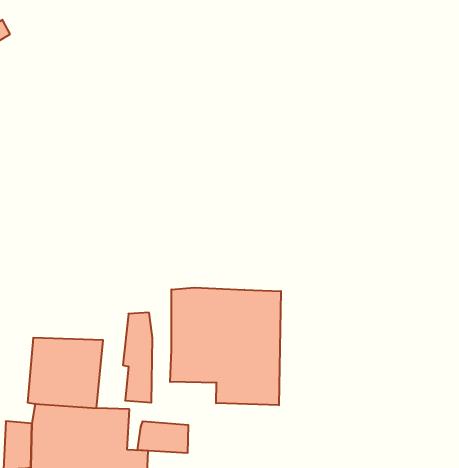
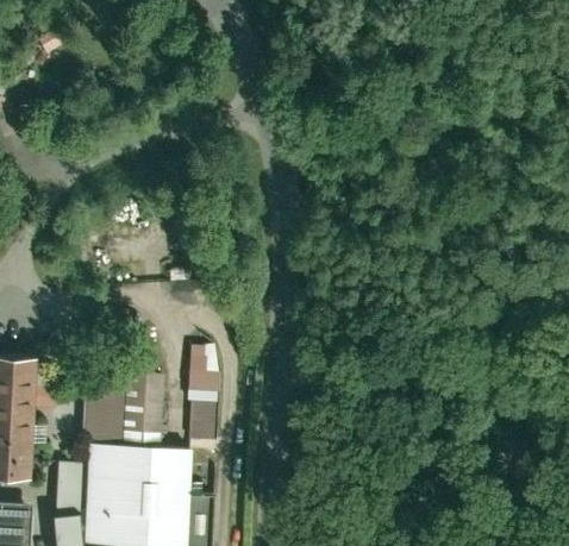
building: [170,288,281,405] -> none
building: [137,421,188,453] -> none

